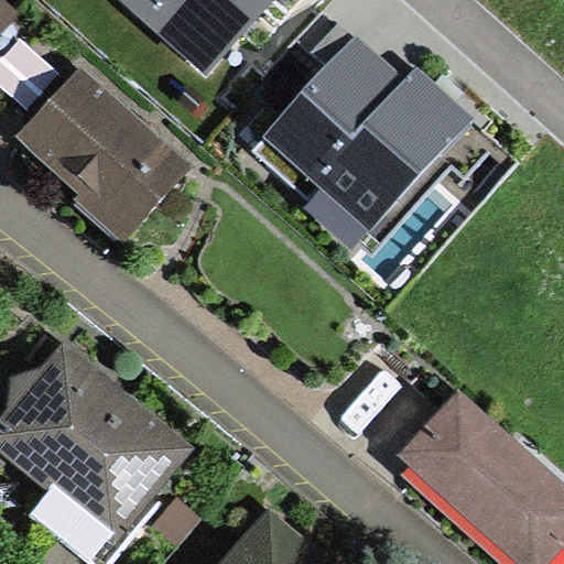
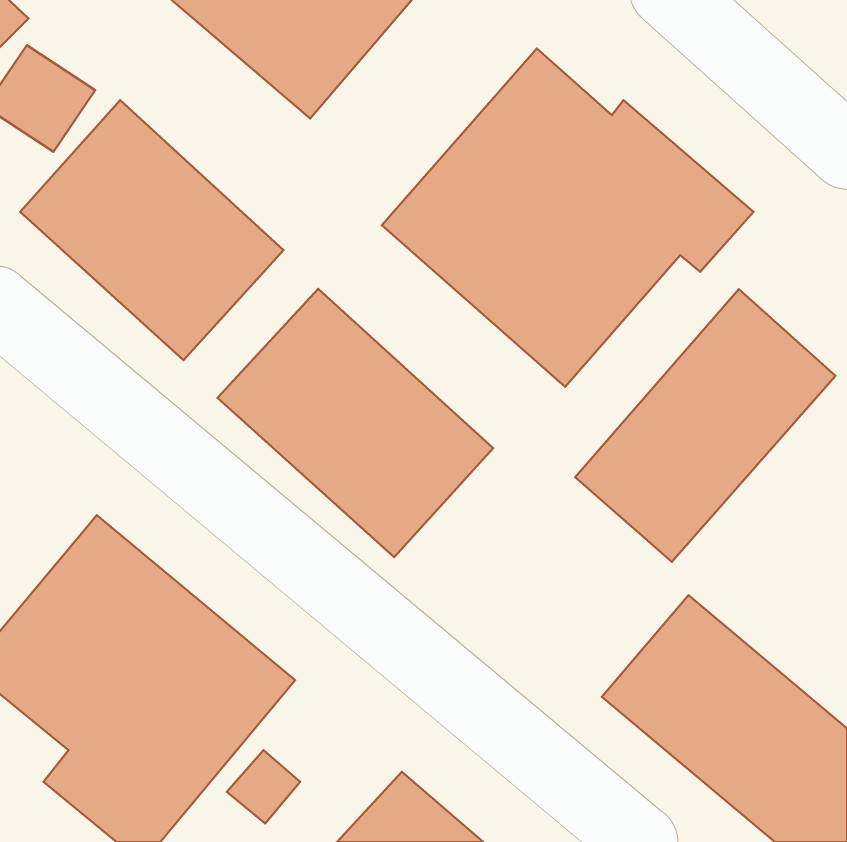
building: none -> [217,289,493,557]
building: none -> [575,289,835,562]

